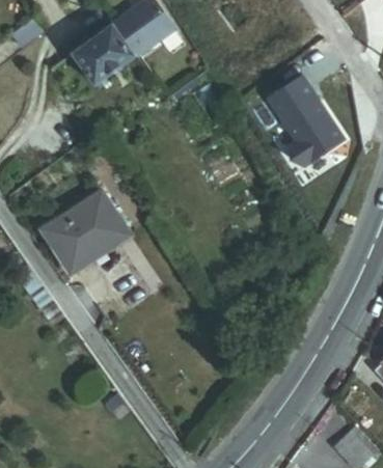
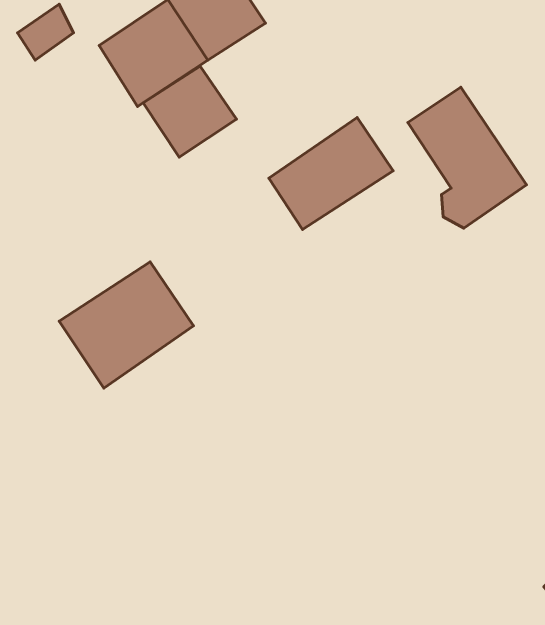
building: none -> [143,66,236,157]
building: none -> [269,117,393,230]

